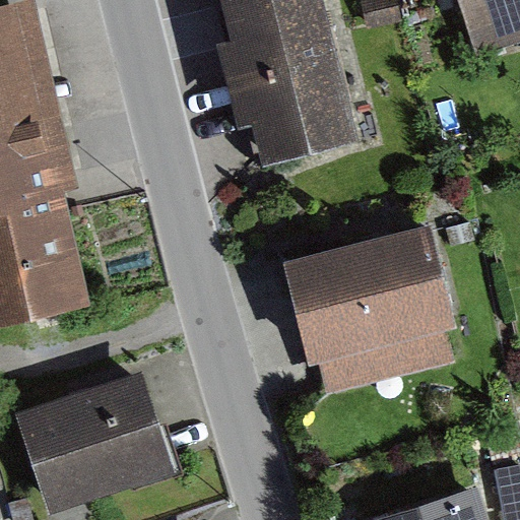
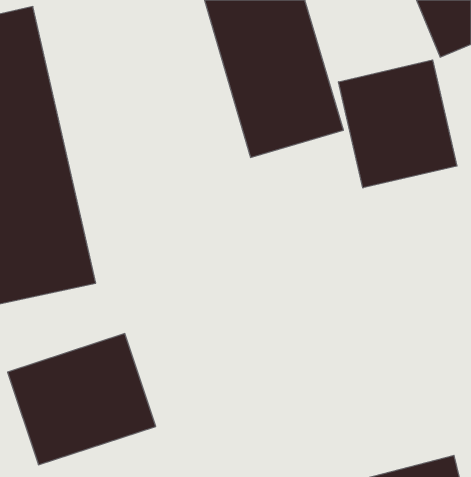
building: none -> [339,60,457,188]
building: [276,216,448,389] -> none

